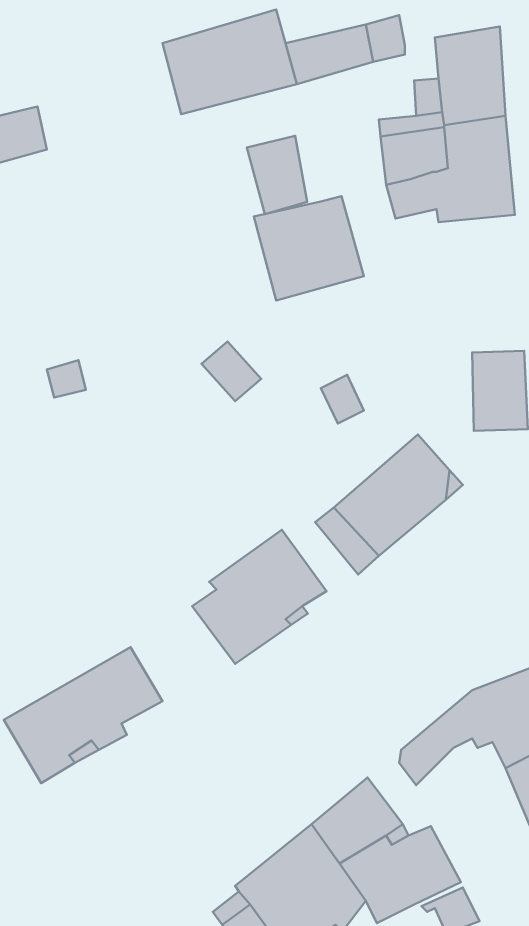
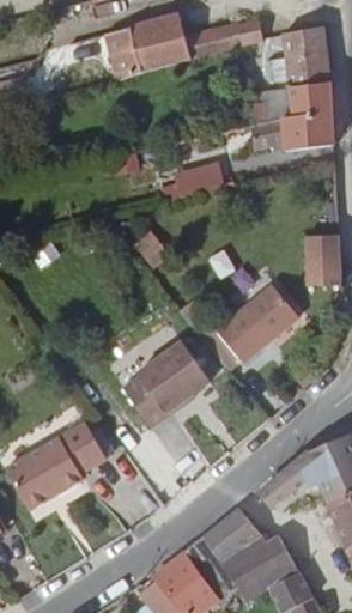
building: [247,136,307,214] -> none

